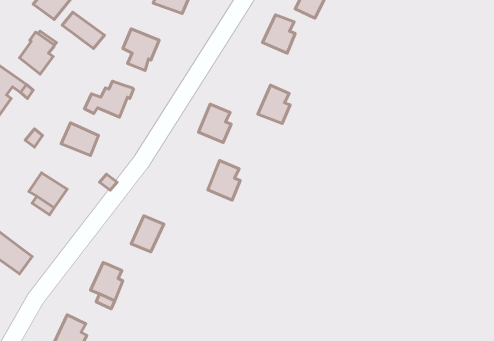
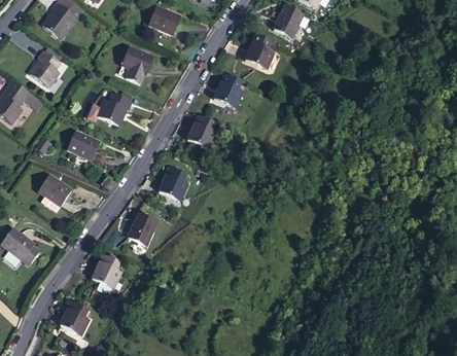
building: [62,12,105,48] -> none
building: [258,85,290,124] -> [214,72,243,106]
building: [208,161,240,200] -> [160,165,188,200]

